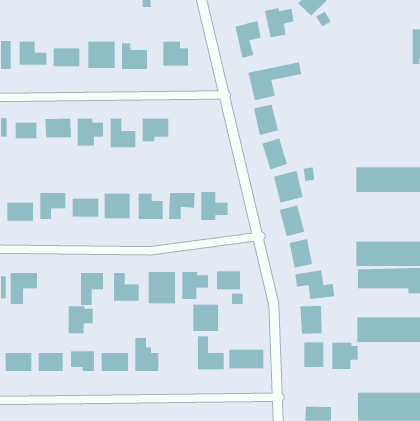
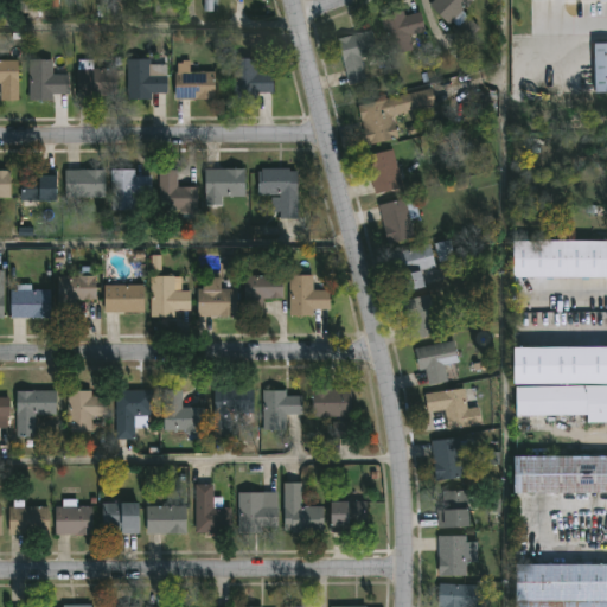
building: none -> [260,170,299,219]
building: [193,304,219,331] -> [241,492,279,531]
building: [68,306,94,334] -> [69,391,106,432]
building: [331,342,359,369] -> [439,536,478,575]

